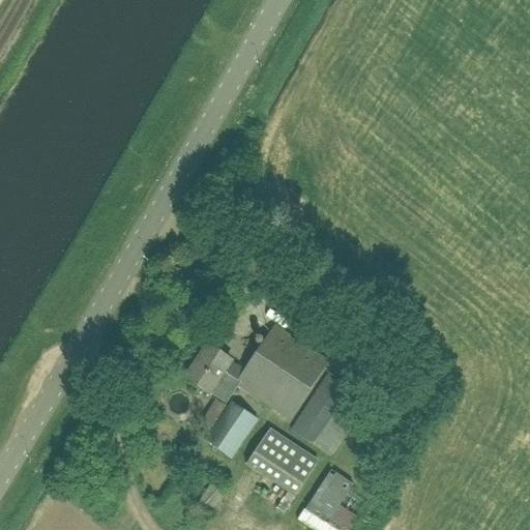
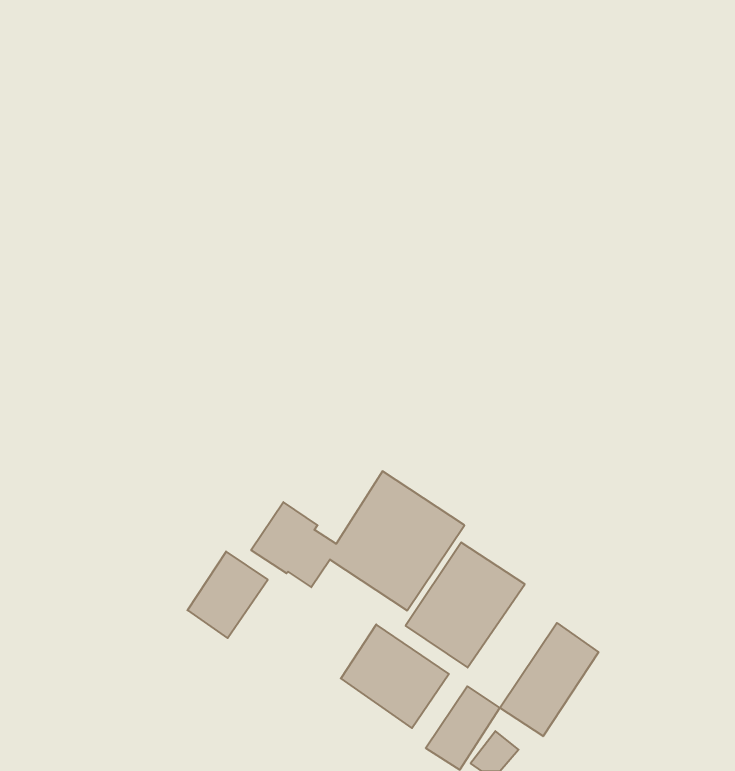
building: [202,399,256,457] -> [187,551,268,638]
building: none -> [500,623,598,736]

